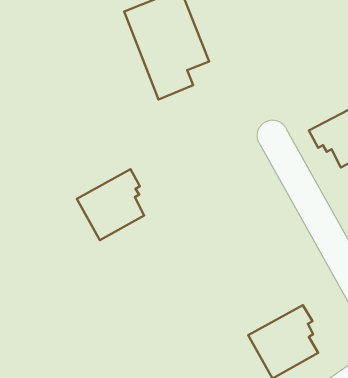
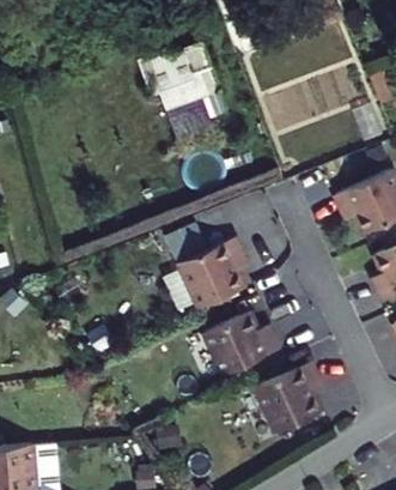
building: [77,169,144,240] -> [179,238,246,308]
building: none -> [203,310,280,375]

